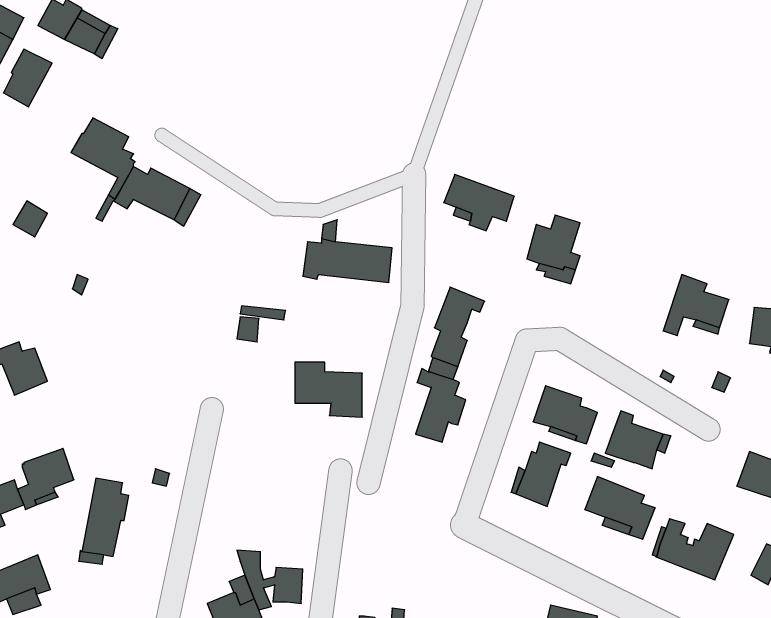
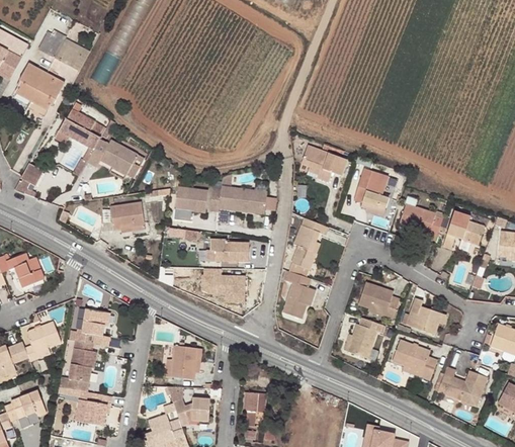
building: none -> [32,73,65,109]
building: none -> [175,187,208,213]
building: none -> [111,203,146,231]
building: none -> [399,203,442,240]
building: none -> [209,239,250,262]
building: none -> [76,308,110,346]
building: none -> [172,347,197,380]
building: none -> [245,391,267,420]
building: none -> [84,392,112,426]

